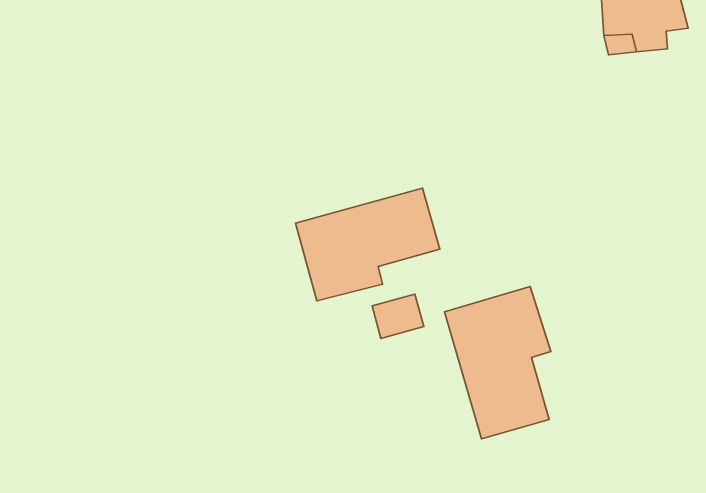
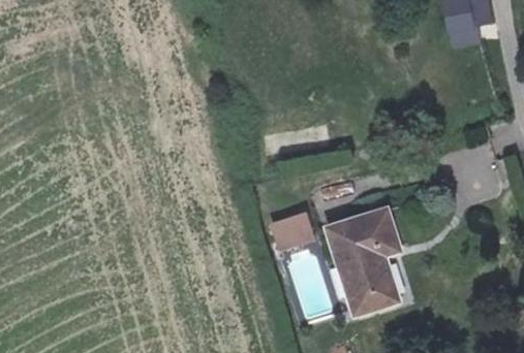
building: [296,188,440,301] -> none

